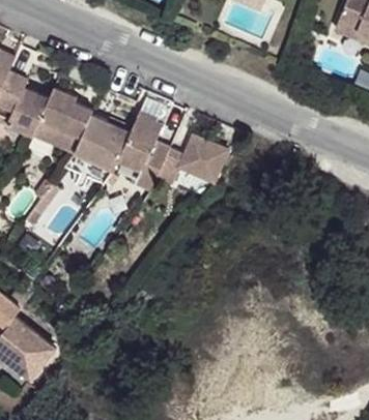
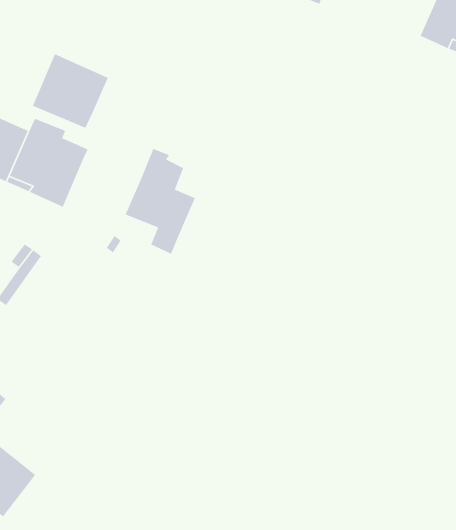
building: [74,116,130,171] -> [32,53,109,129]
building: [158,134,227,182] -> none

